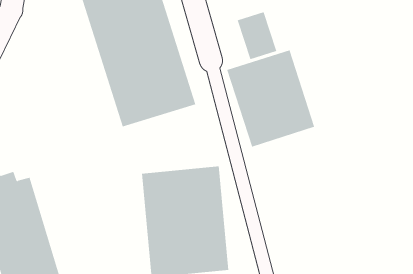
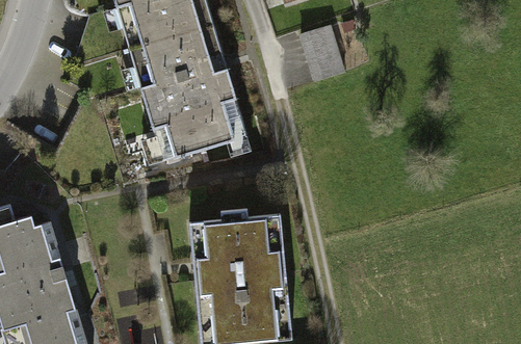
building: [227,50,315,147] -> none

